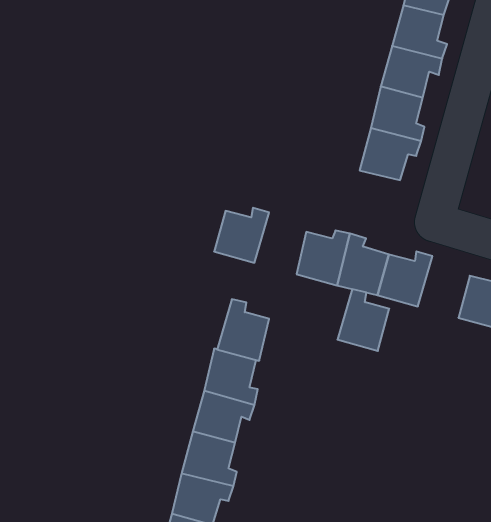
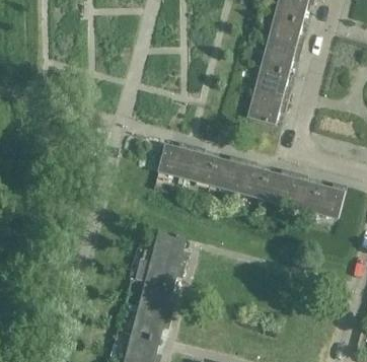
building: [337,289,389,351] -> [285,172,317,211]
building: [217,299,269,361] -> [182,145,215,184]

